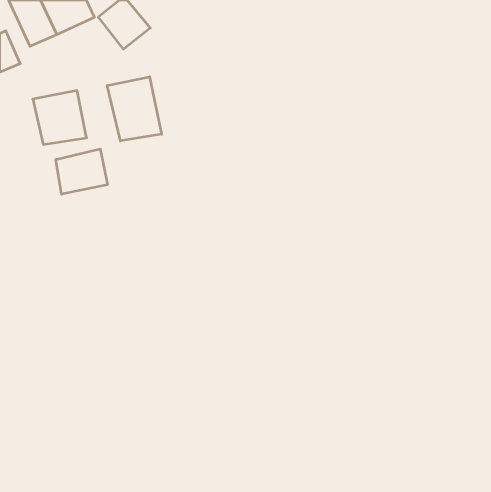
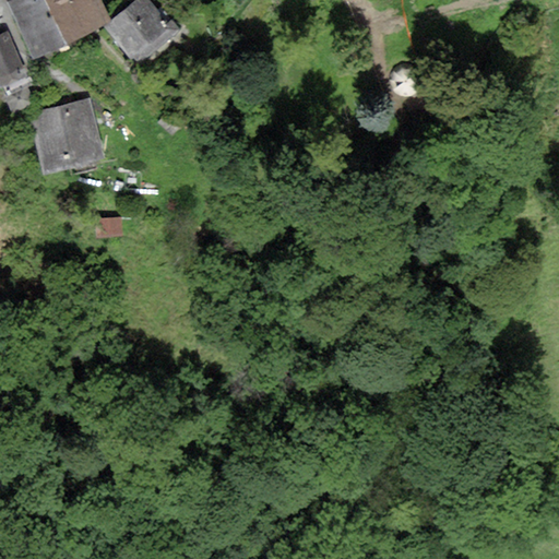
building: [107,77,162,141] -> none
building: [56,149,107,194] -> none

